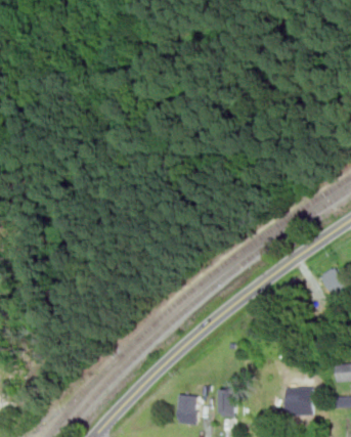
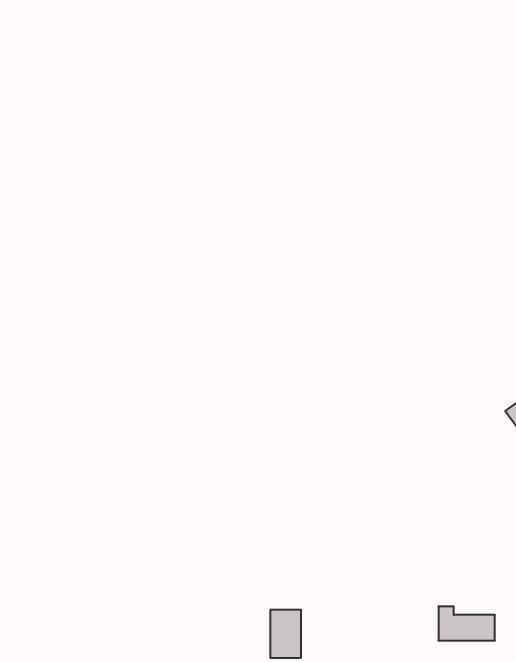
building: [219,389,234,417] -> none

